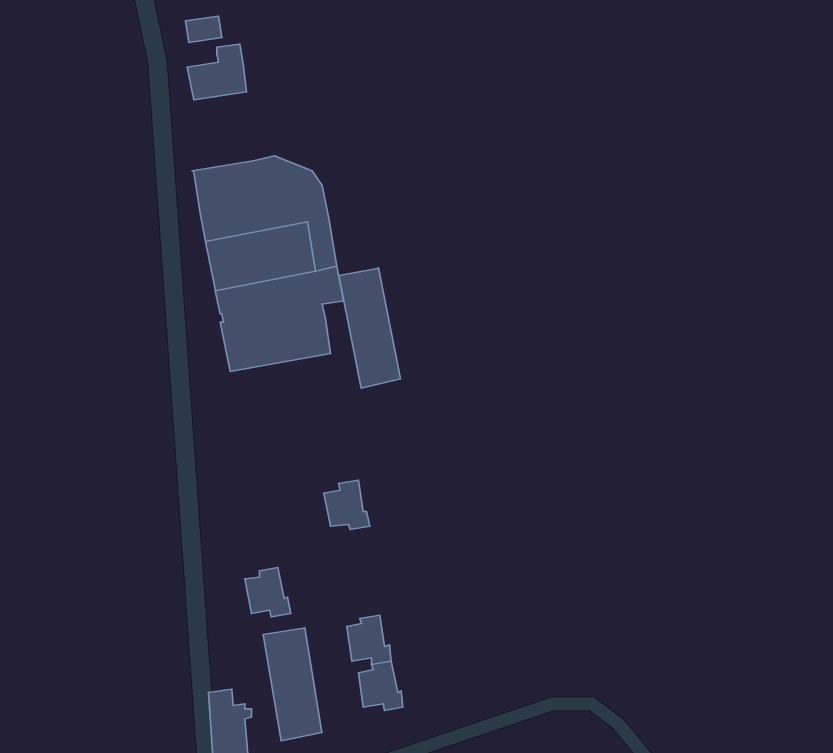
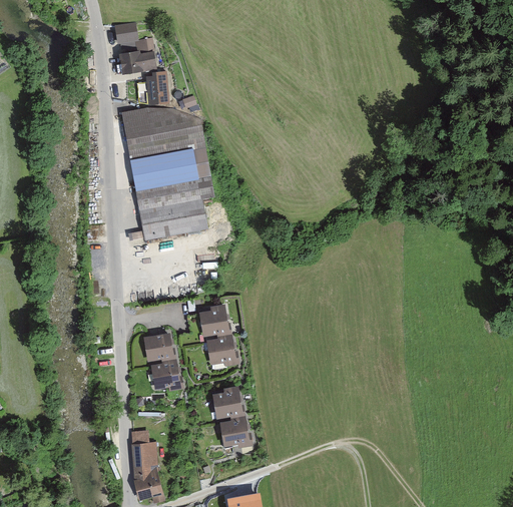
building: none -> [137,71,167,104]
building: [339,268,401,388] -> none
building: none -> [208,334,236,364]
building: none -> [146,335,173,361]
building: [263,628,322,741] -> none

